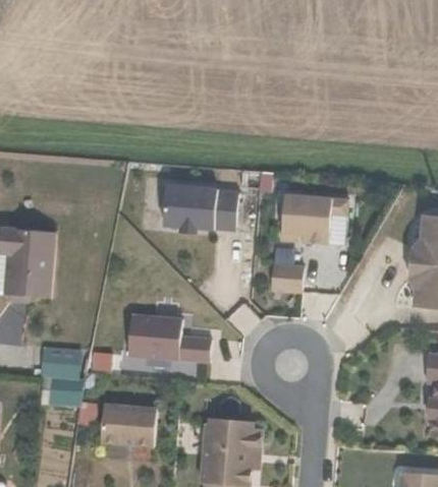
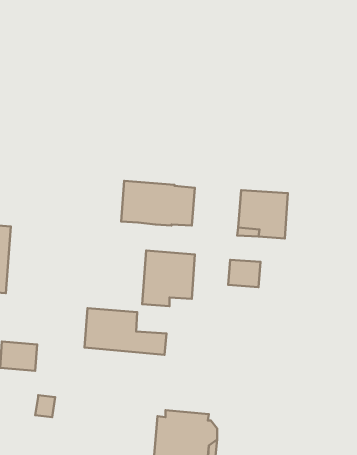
building: none -> [142,251,195,306]
building: [48,376,85,404] -> none
building: [103,403,159,445] -> none

